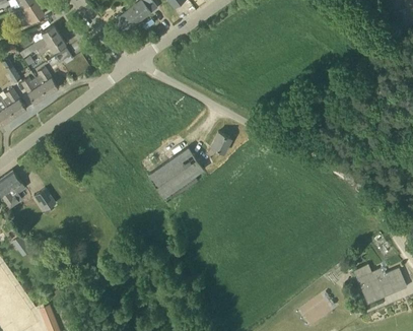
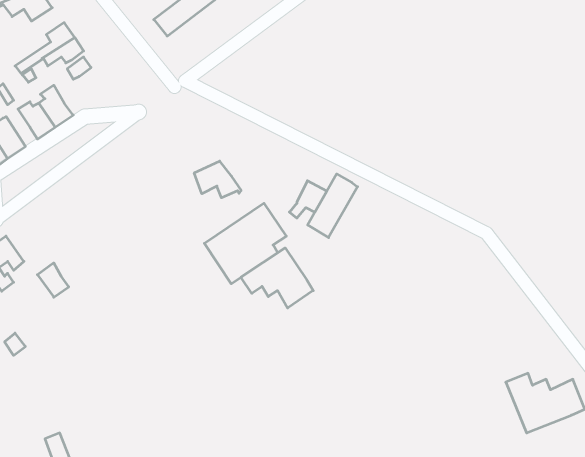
building: none -> [194,161,241,198]
building: none -> [308,174,358,238]
building: none -> [241,248,313,308]

